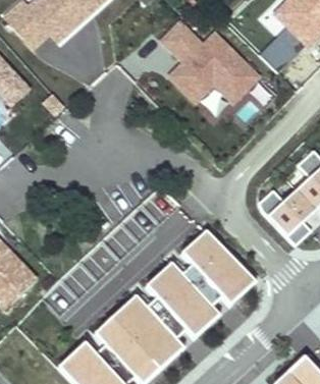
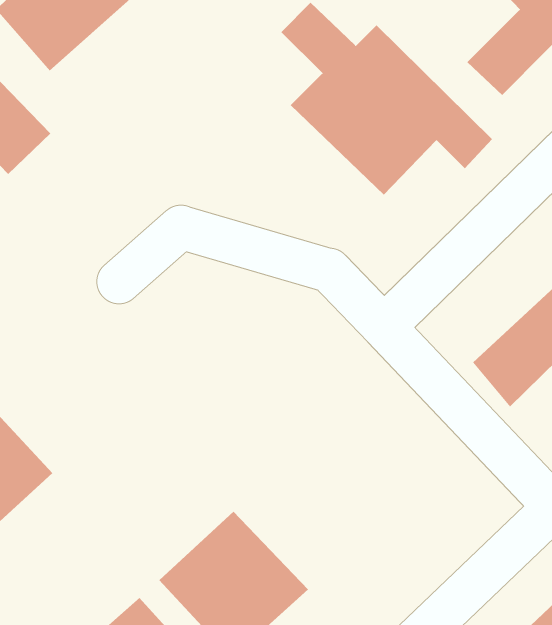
building: [183,230,250,297] -> none
building: [148,263,214,330] -> none

